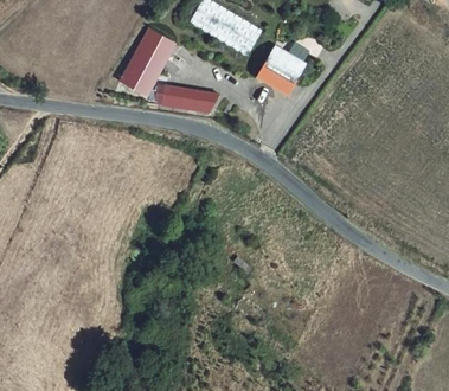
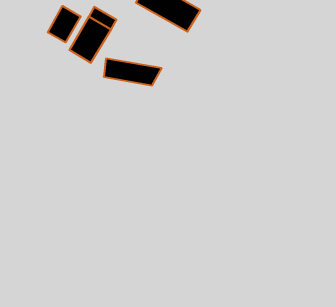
building: none -> [48,6,81,42]
building: [256,41,310,98] -> none

